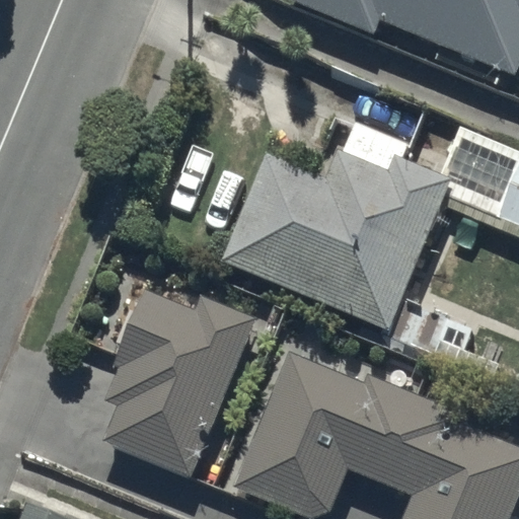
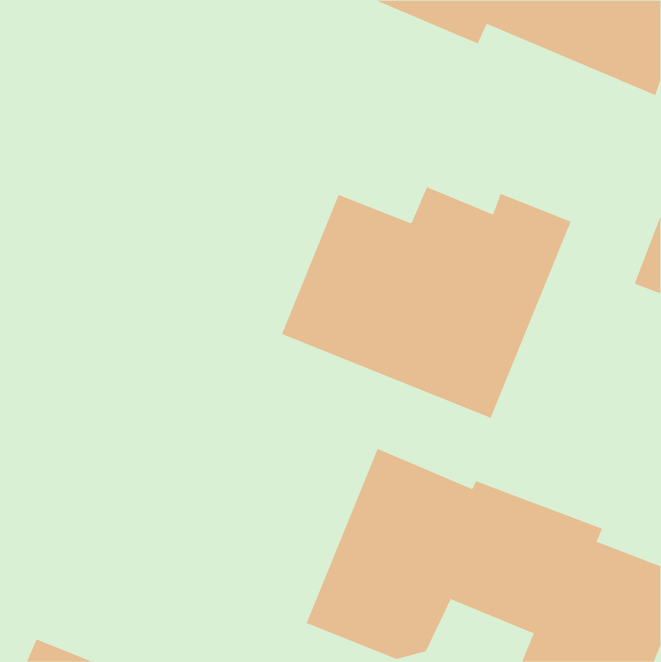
building: [104,288,257,477] -> none

